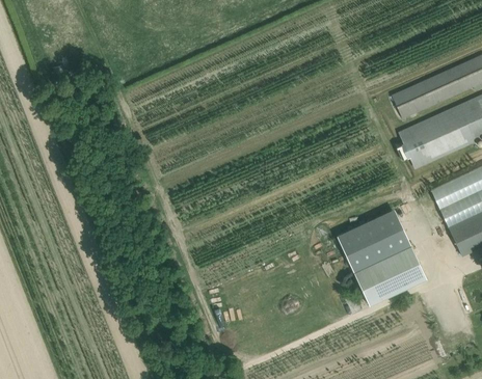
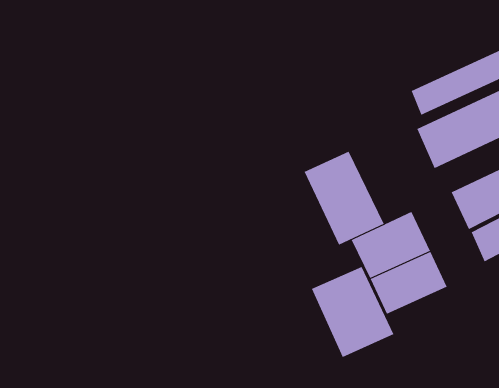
building: none -> [304,151,385,246]
building: none -> [311,266,394,358]

